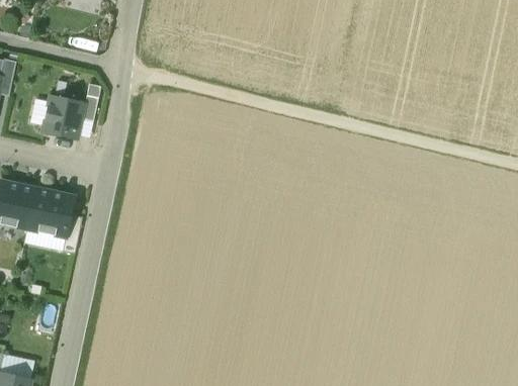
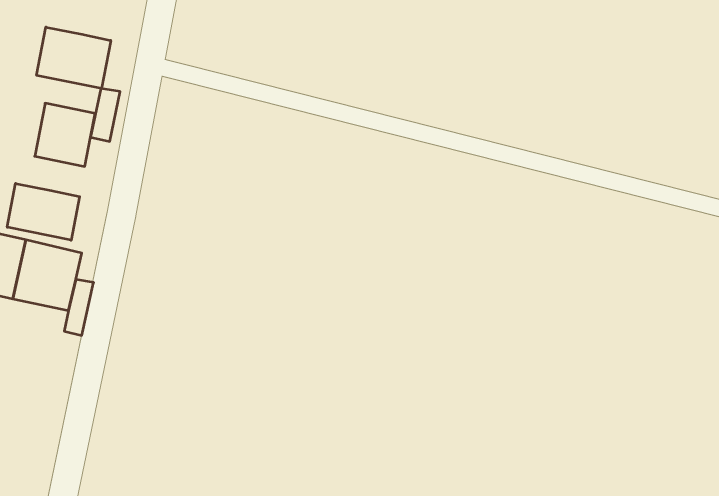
building: none -> [37,27,111,89]
building: none -> [7,183,80,240]

